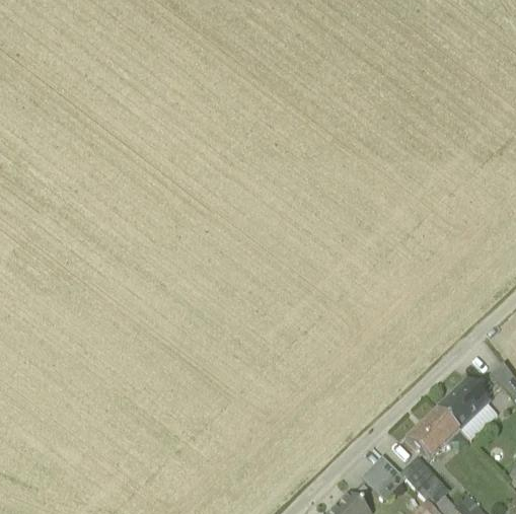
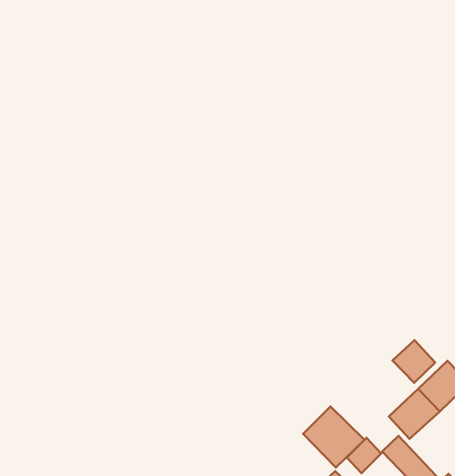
building: none -> [393,340,435,383]
building: none -> [303,406,364,467]

